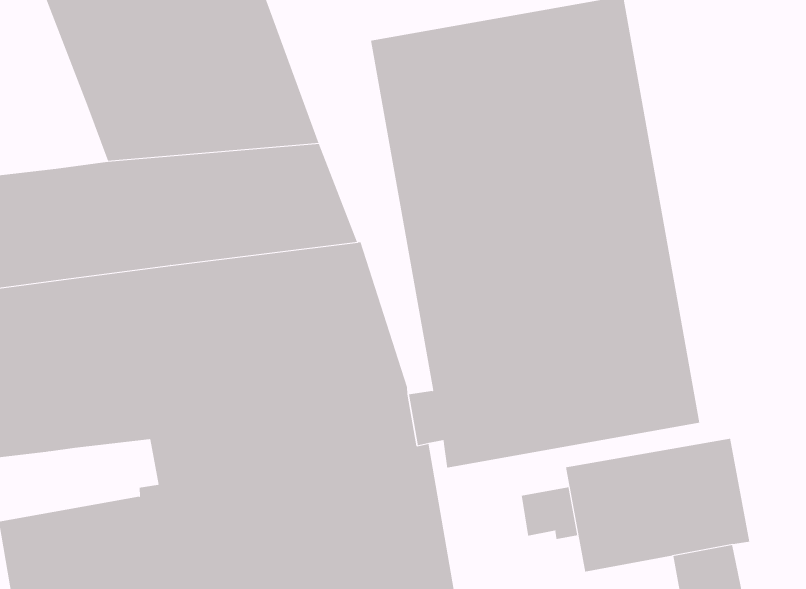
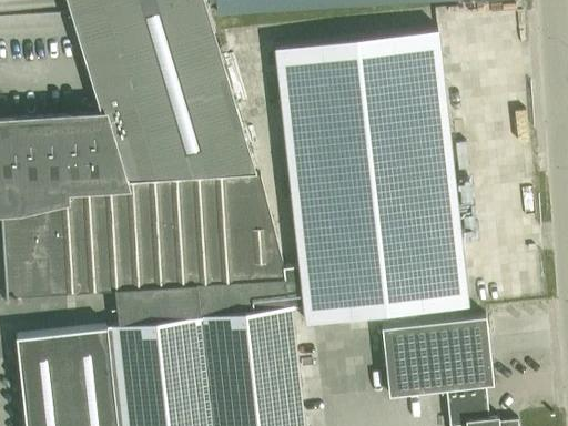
building: [521,487,578,540] -> none

